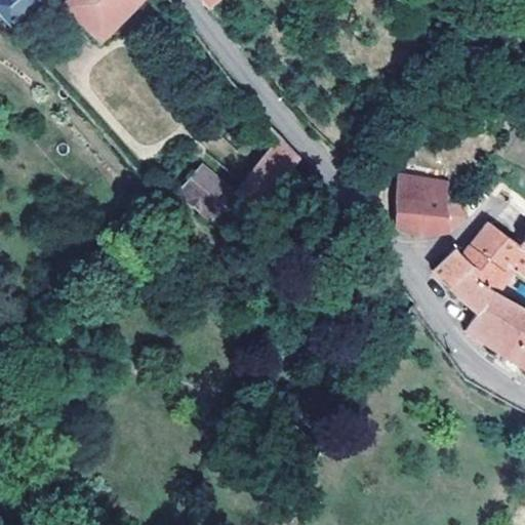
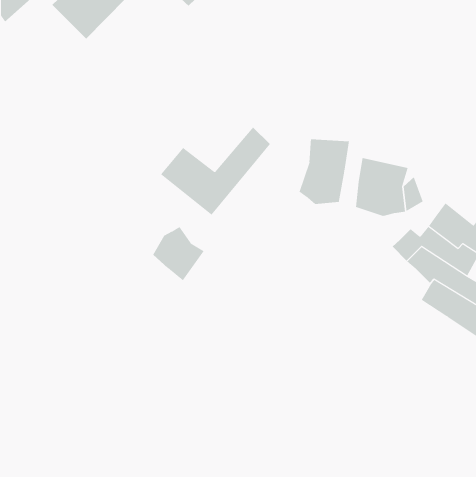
building: none -> [299,139,349,205]
building: none -> [153,226,205,281]

